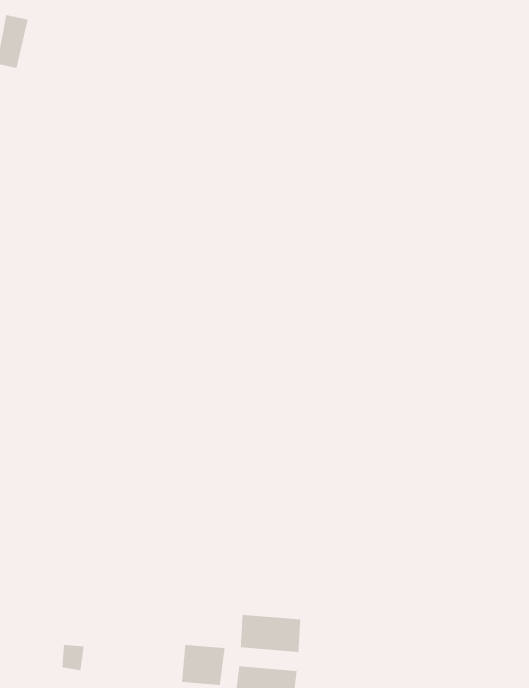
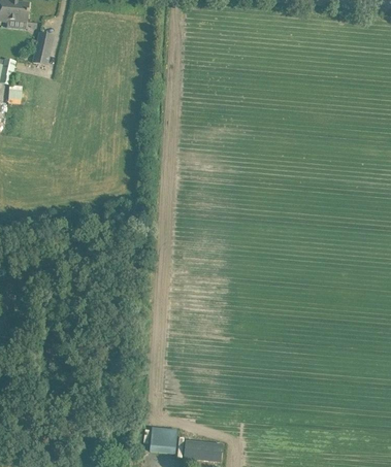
building: [240,614,301,653] -> none

